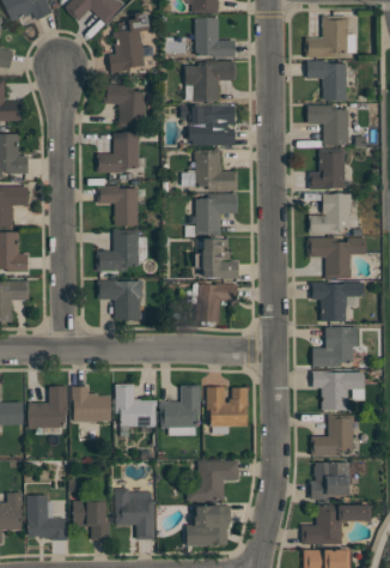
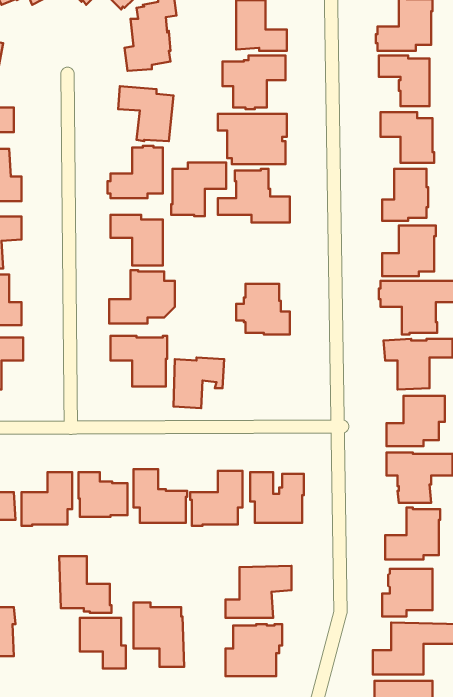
building: [194,194,237,236] -> [171,163,226,216]
building: [197,283,237,322] -> [173,358,224,408]
building: [26,496,67,540] -> [59,556,111,613]

